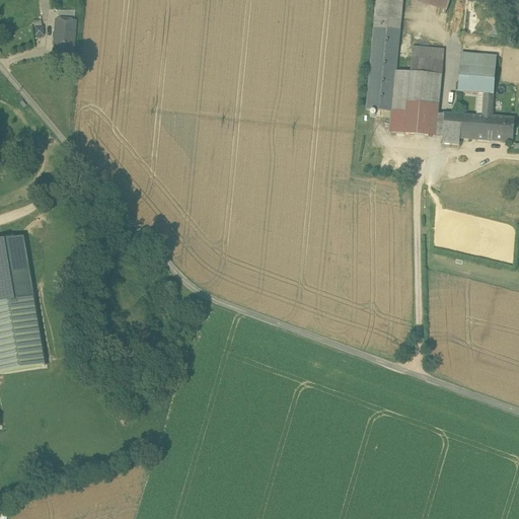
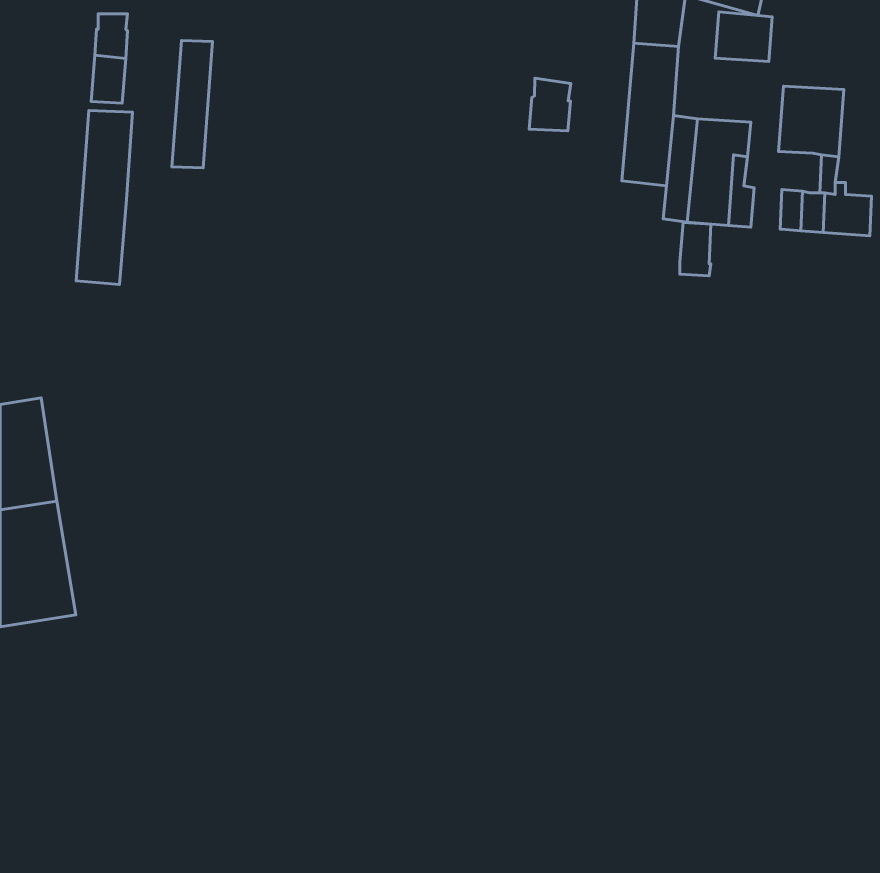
building: none -> [172,40,213,168]
building: [411,43,444,72] -> [715,12,772,62]
building: none -> [529,78,571,131]
building: none -> [76,110,132,285]
building: [442,110,460,142] -> [680,222,711,276]

